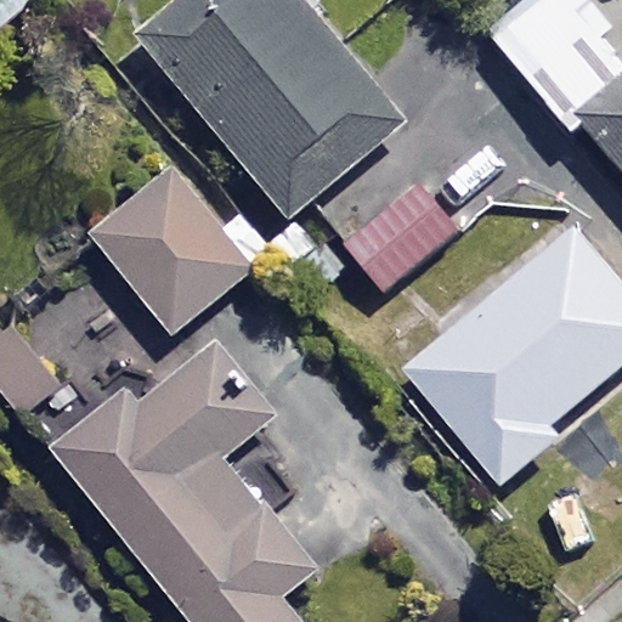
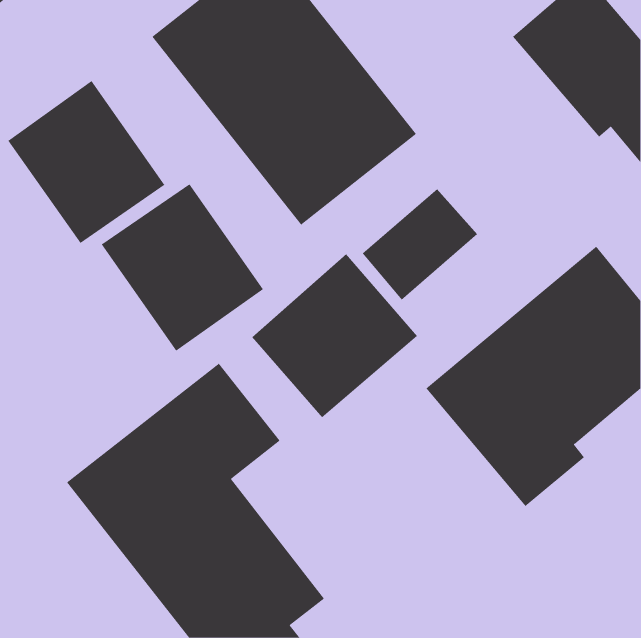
building: none -> [7,80,165,244]
building: none -> [251,254,418,418]

